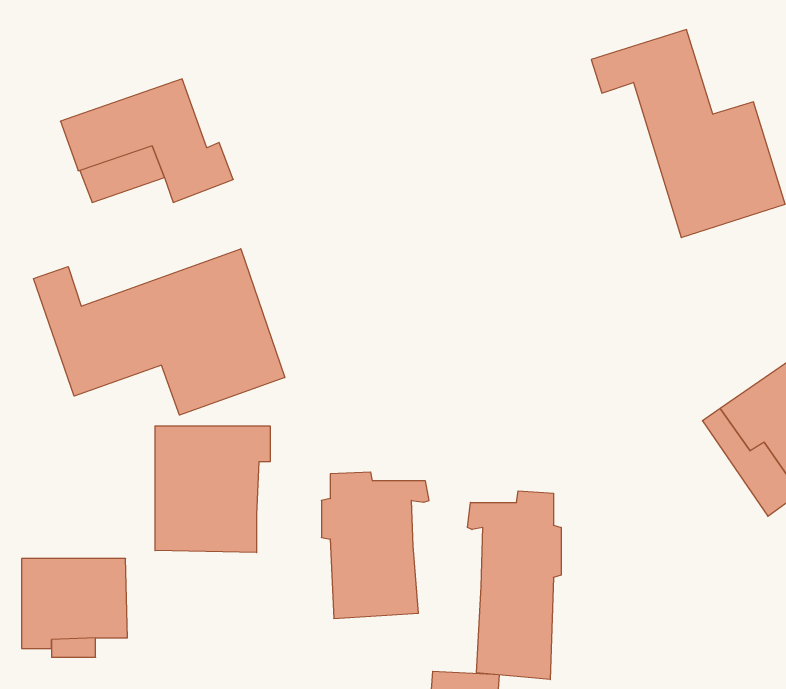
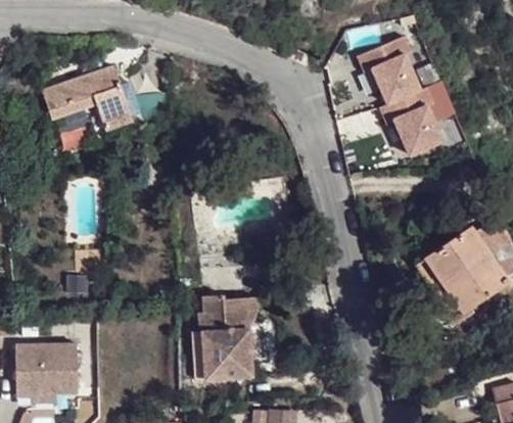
building: [33,249,285,415] -> none
building: [155,426,270,553] -> none
building: [467,491,561,680] -> none

